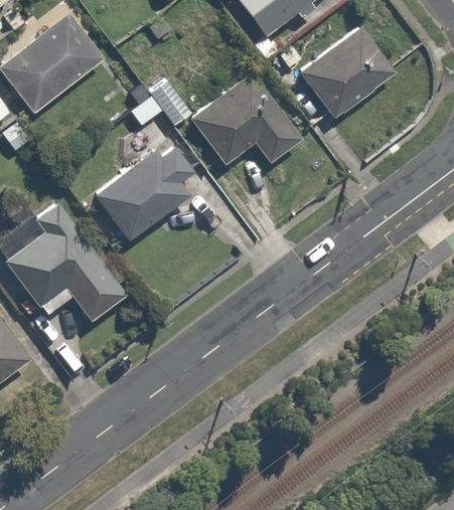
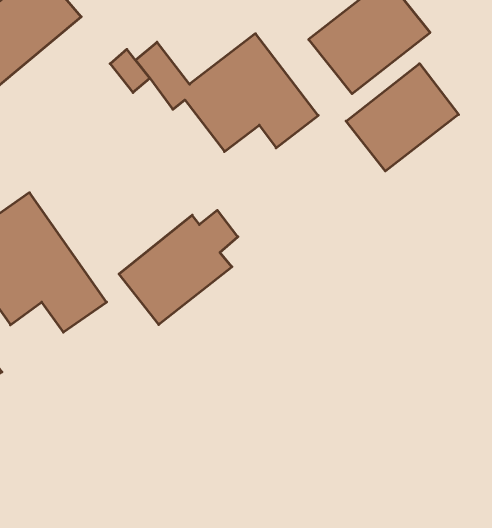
building: none -> [346,64,459,171]
building: [94,147,193,242] -> [119,210,238,325]

